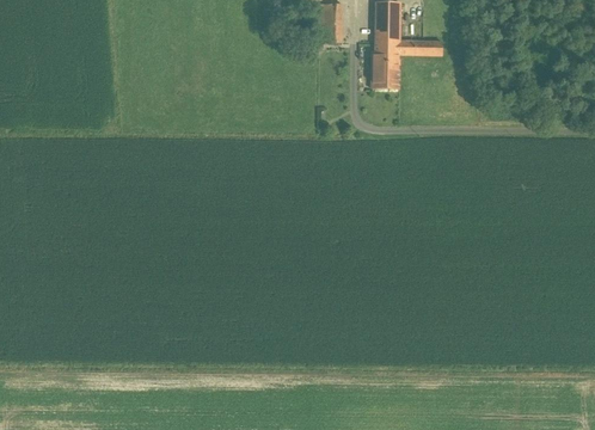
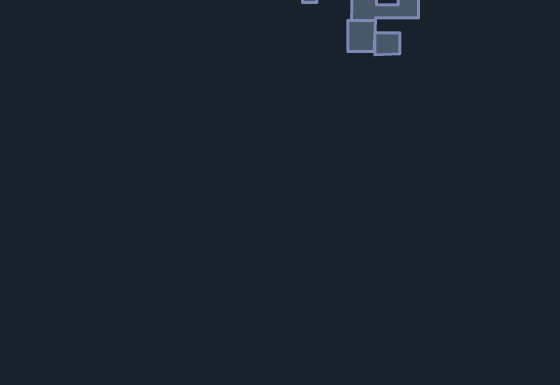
building: none -> [375,33,400,55]

